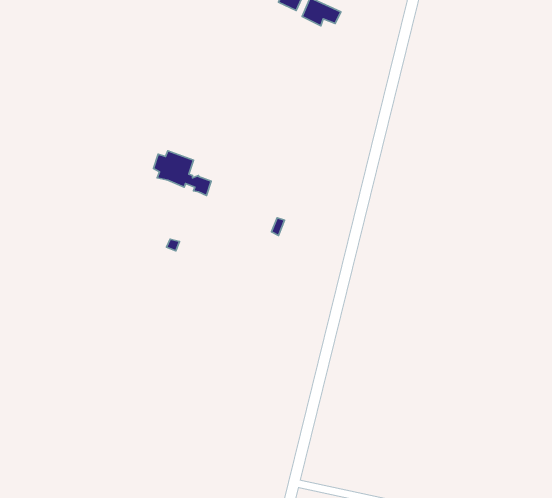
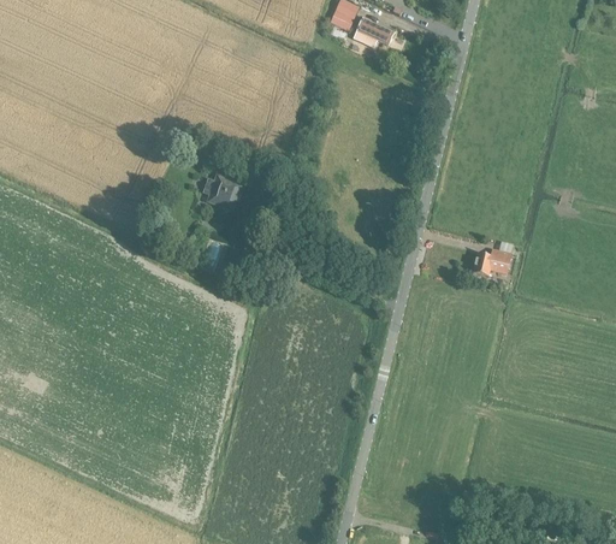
building: none -> [474,250,513,277]

